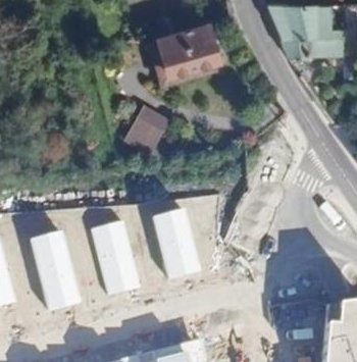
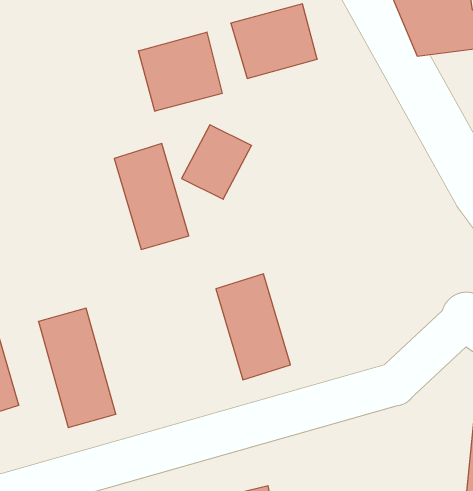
building: none -> [138,32,222,111]
building: [90,221,141,294] -> [114,144,189,249]

